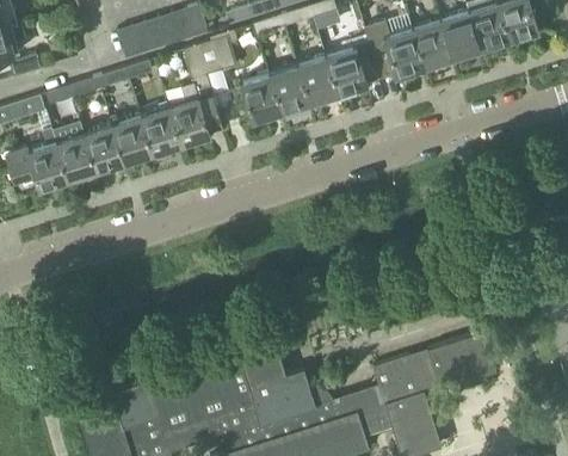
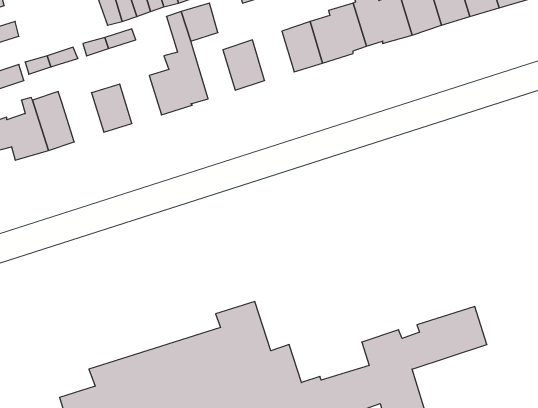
building: [266,64,307,112] -> none
building: [137,107,178,160] -> none
building: [81,124,122,172] -> none

